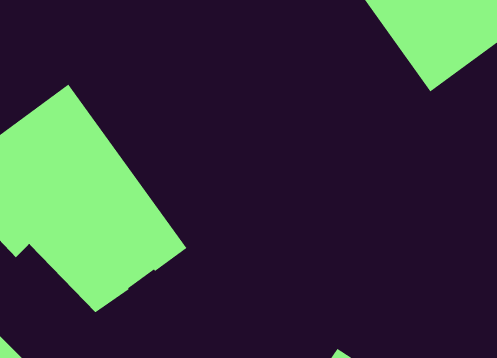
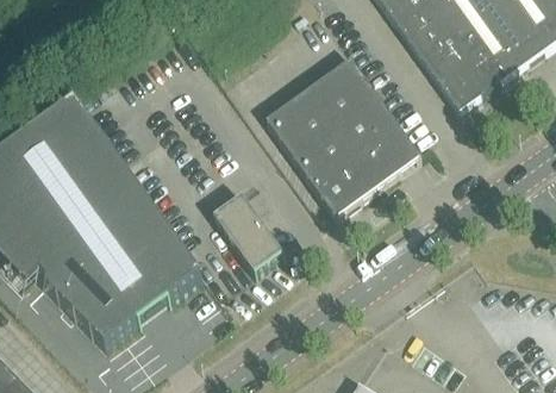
building: none -> [264,57,419,216]
building: none -> [211,194,281,273]

